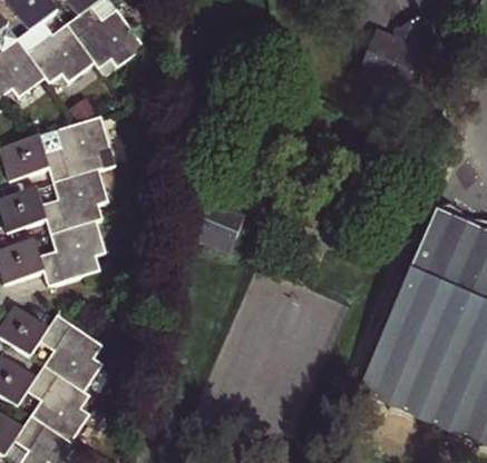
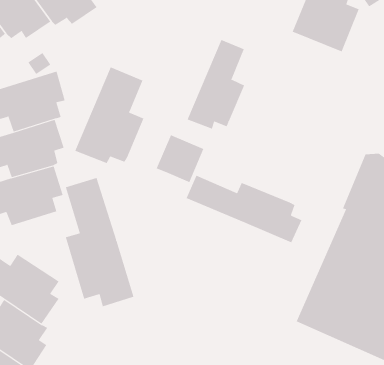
building: none -> [187,39,245,129]
building: none -> [74,66,144,164]
building: none -> [186,175,302,243]
building: none -> [65,177,134,307]

